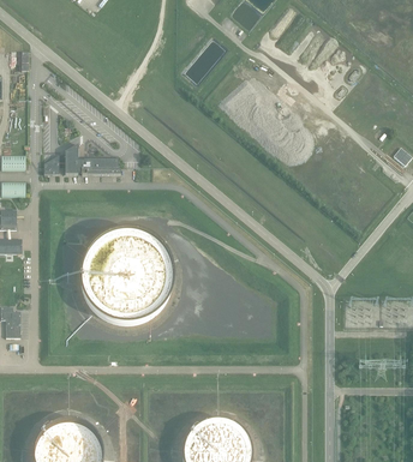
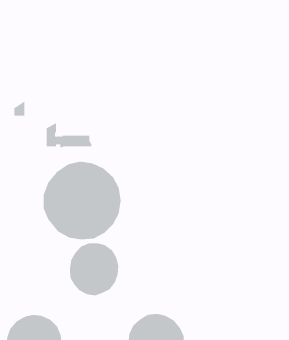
building: [64,144,120,175] -> [46,122,92,148]
building: none -> [69,242,119,296]

